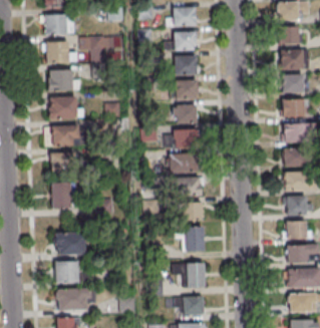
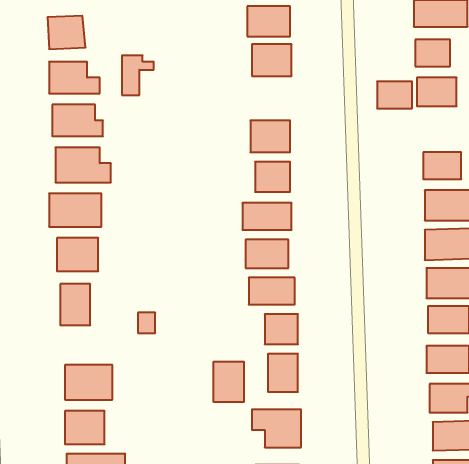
building: [174,55,198,74] -> none
building: [281,76,303,93] -> [377,81,412,108]
building: none -> [214,362,244,402]

